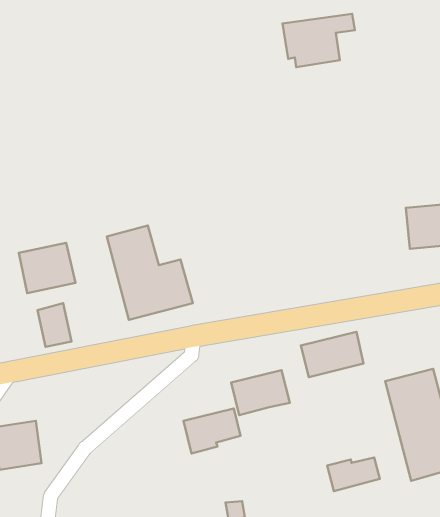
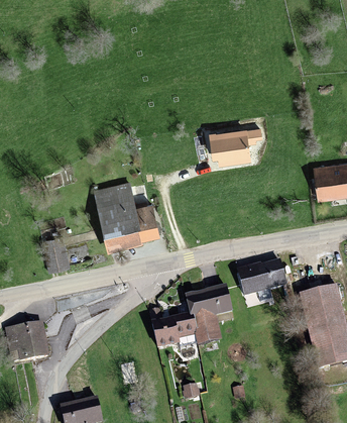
building: [283,14,355,67] -> [212,125,265,165]
building: [19,243,75,293] -> none
building: none -> [193,315,221,345]
building: [327,458,380,491] -> none

